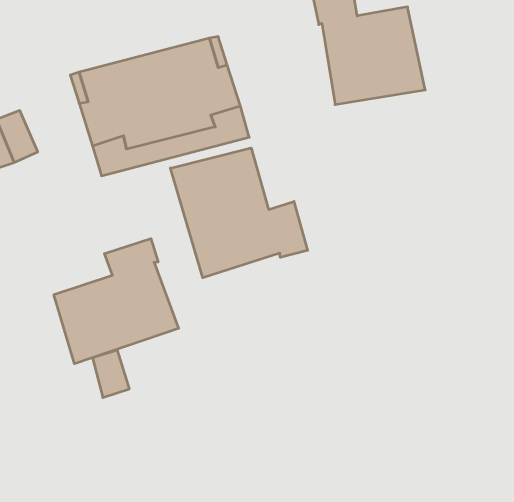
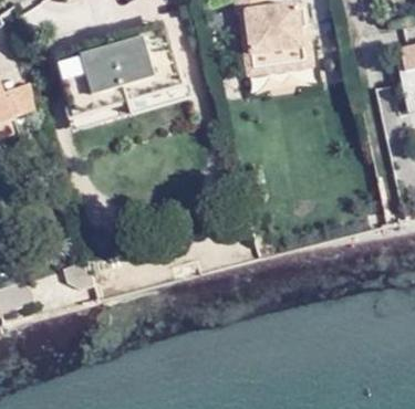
building: [170,148,308,278] -> none
building: [54,239,179,364] -> none

